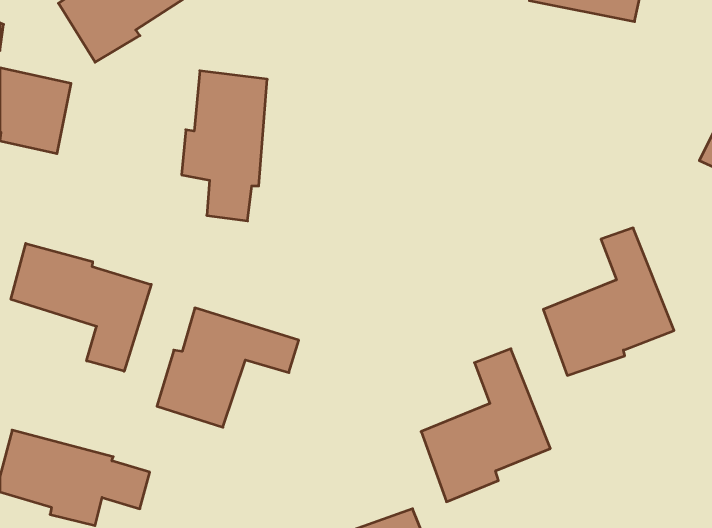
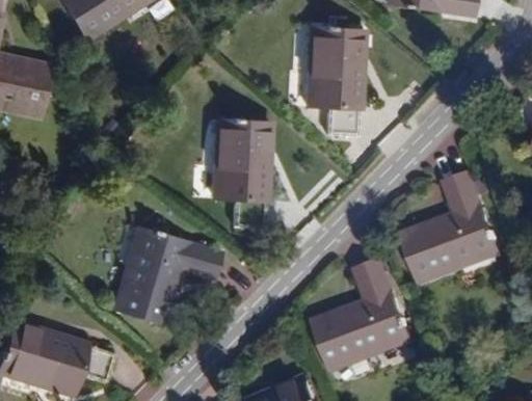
building: none -> [307,26,366,135]
building: [182,71,267,221] -> [211,118,274,230]
building: [11,243,151,371] -> none

